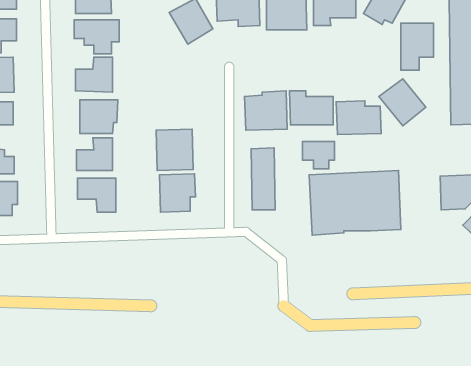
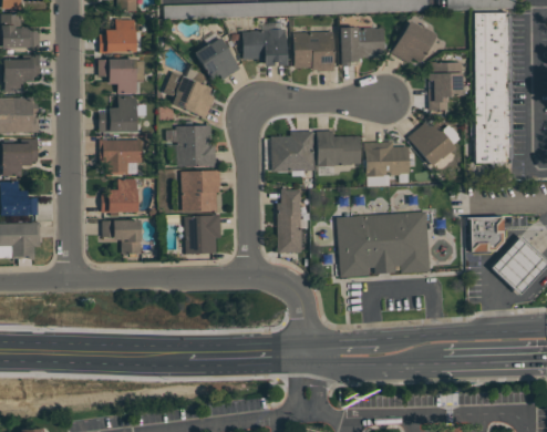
building: none -> [165,72,216,116]
building: none -> [176,125,217,166]
building: [302,141,335,169] -> none

